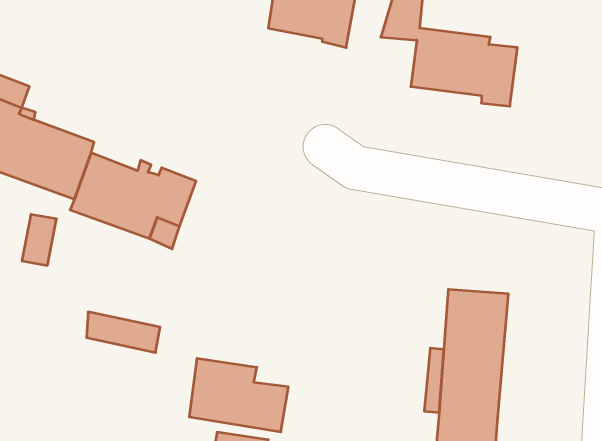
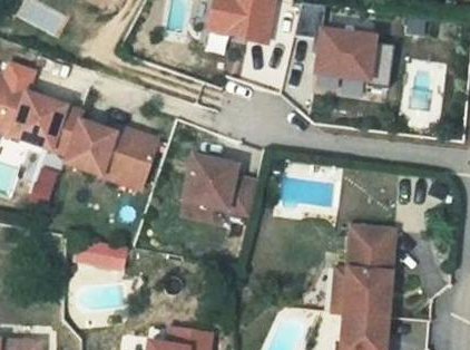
building: [189,358,288,432] -> [189,163,263,217]

